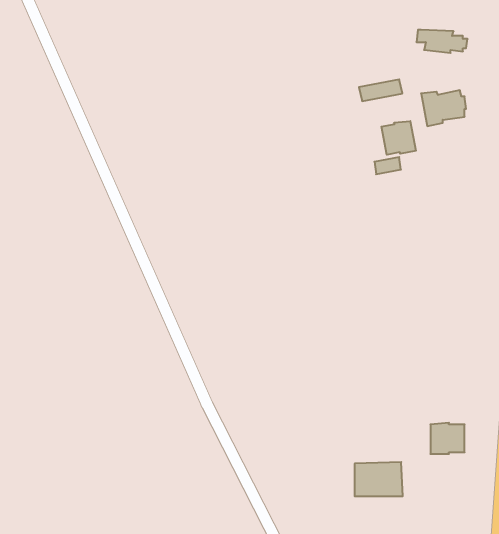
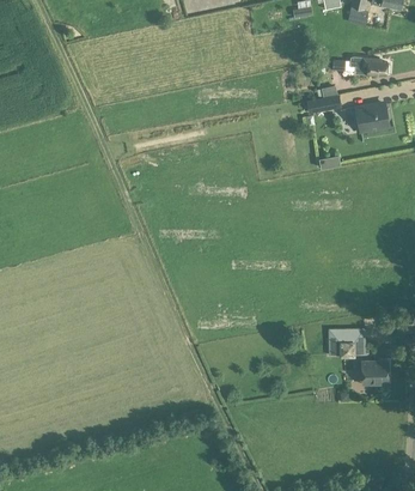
building: [381,121,416,155] -> none
building: [355,462,403,496] -> [328,328,365,354]

